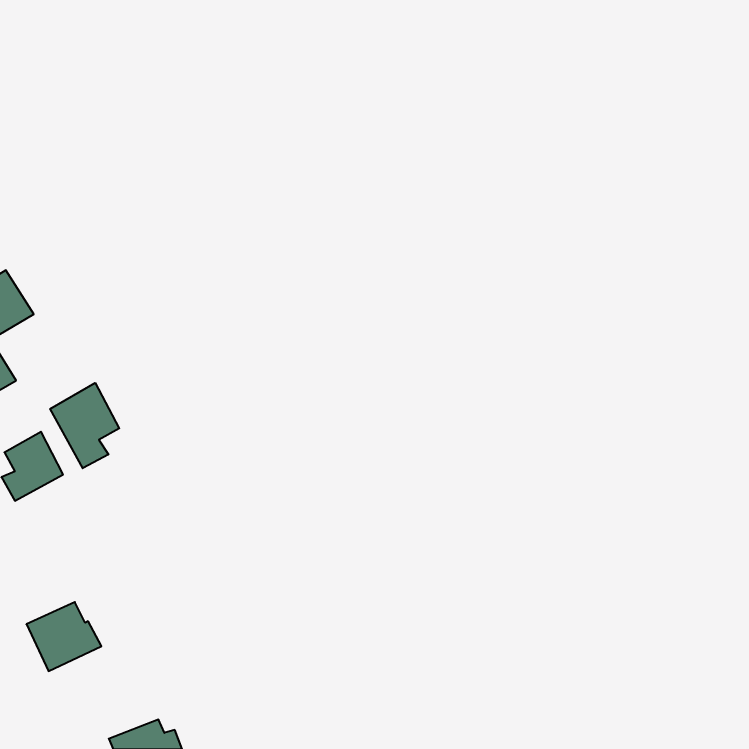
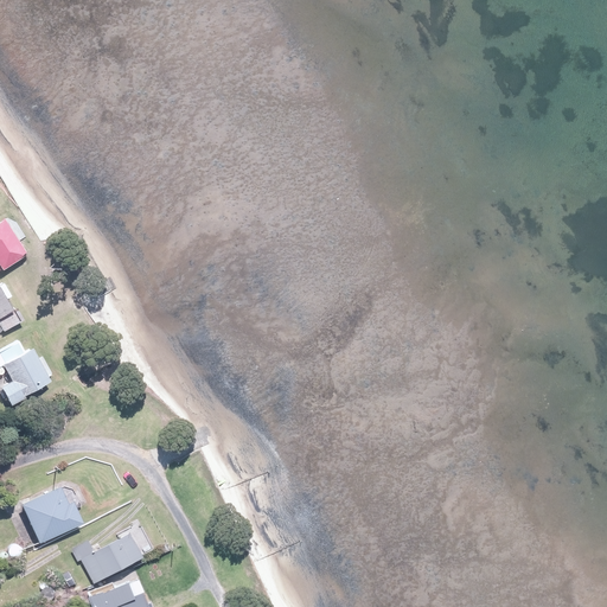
building: [50,383,119,468] -> none
building: none -> [75,531,143,582]

